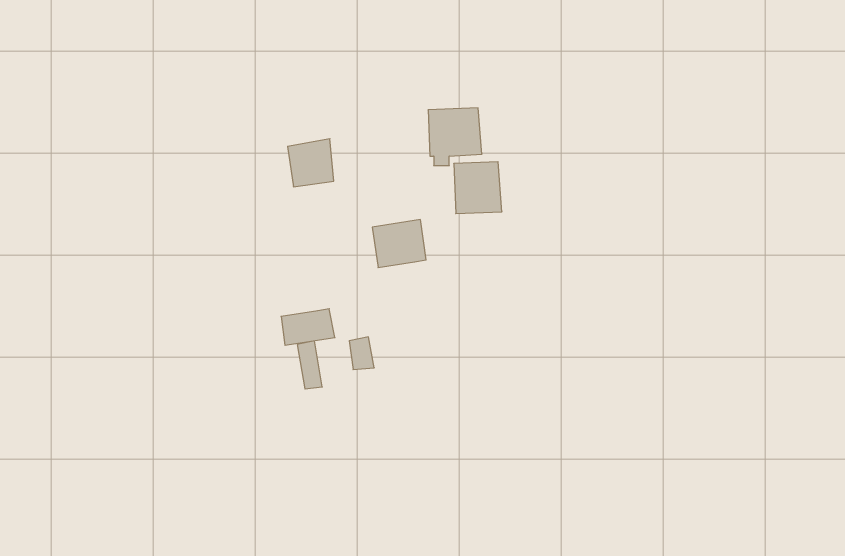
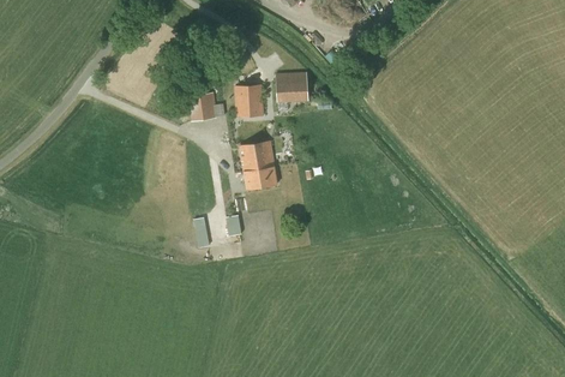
building: [454,162,502,214] -> [234,84,264,116]
building: [281,309,335,345] -> [244,167,277,190]

